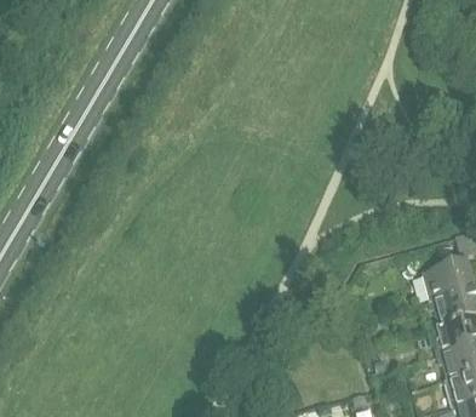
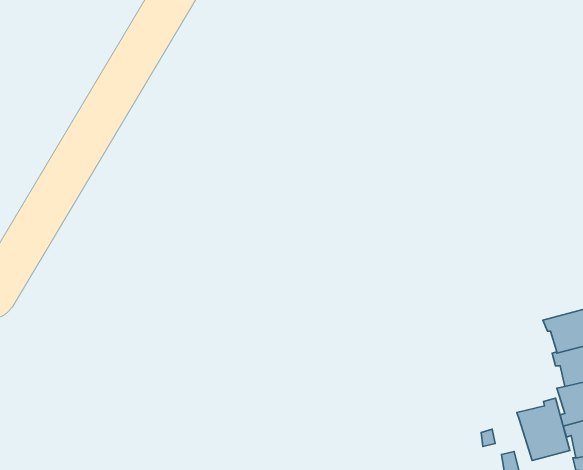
building: none -> [517,398,570,461]

